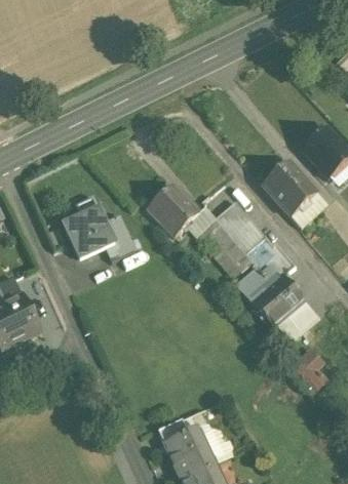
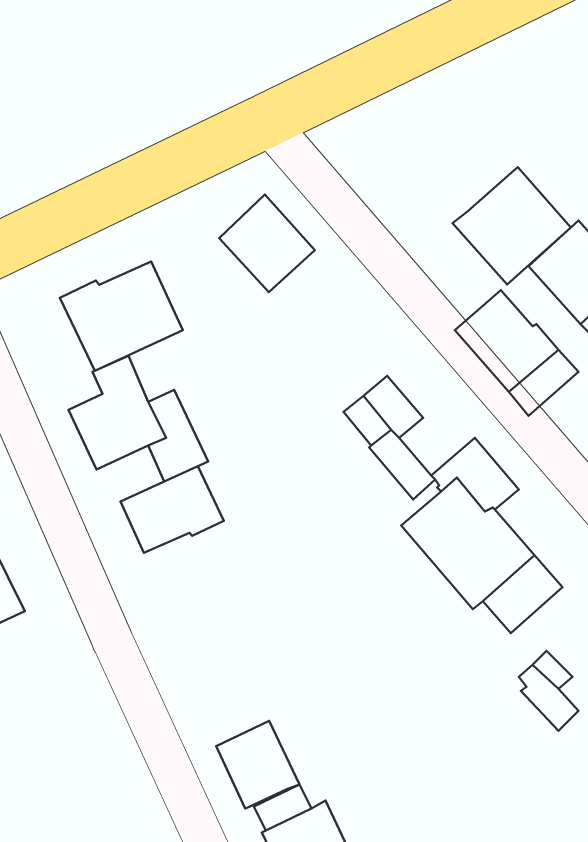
building: none -> [452,167,571,284]
building: none -> [60,261,183,371]
building: [148,186,197,236] -> [219,194,315,292]
building: none -> [121,466,224,553]
building: none -> [216,721,300,809]

